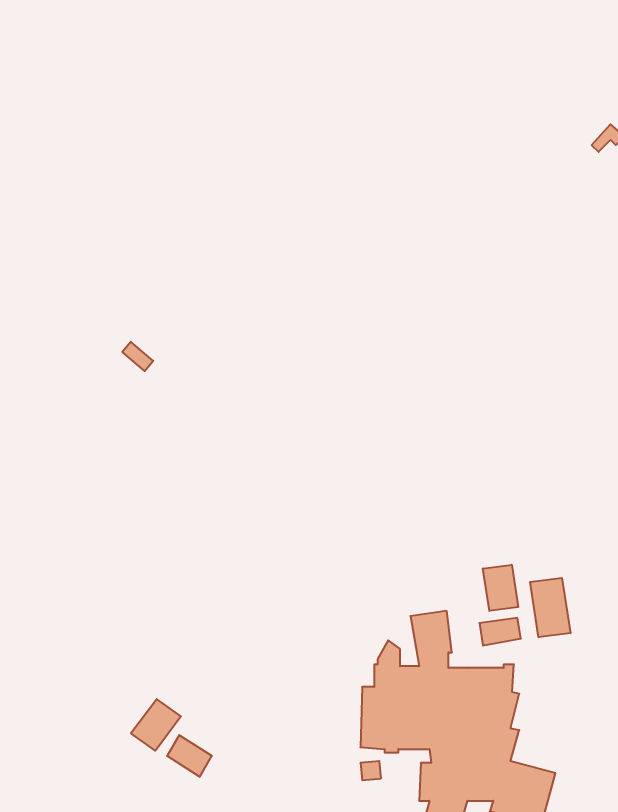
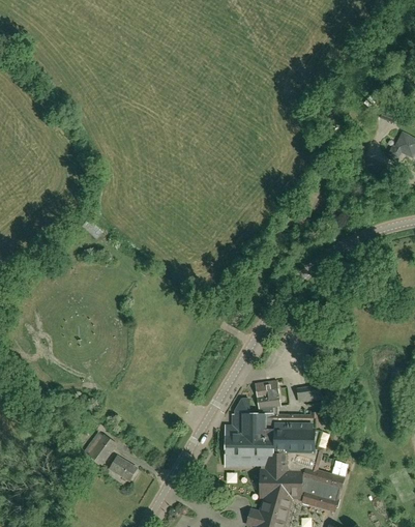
building: [483,565,518,611] -> none
building: [530,578,570,637] -> none

